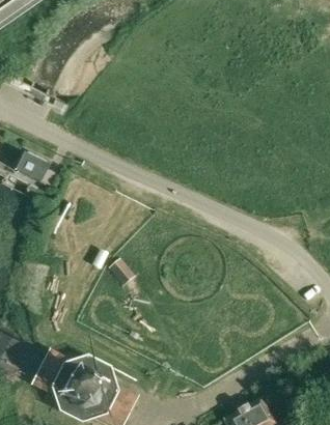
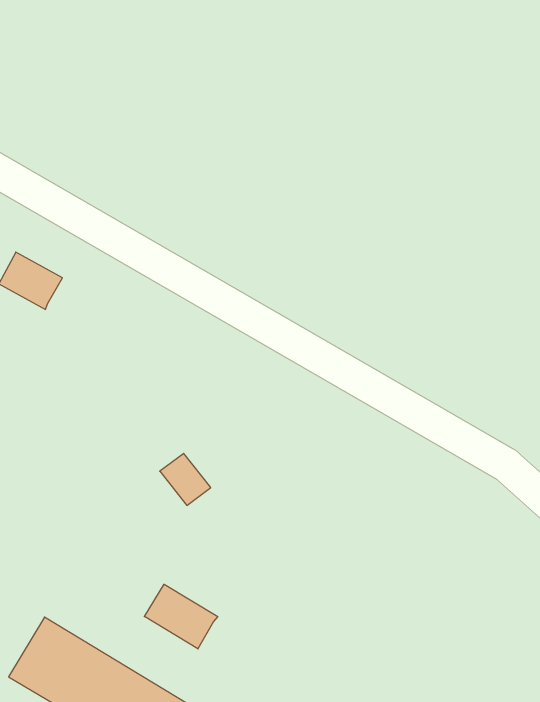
building: none -> [144,584,218,649]

